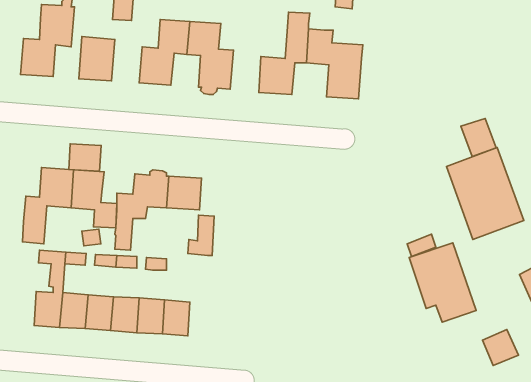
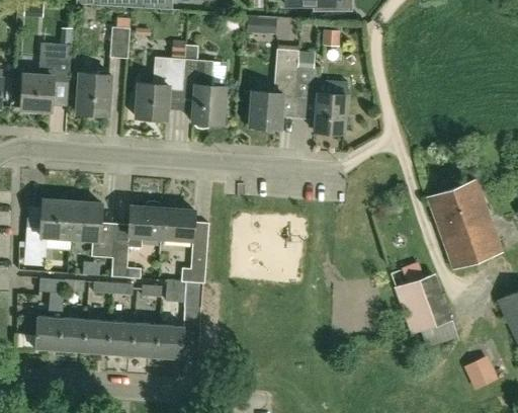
building: [461,118,496,156] -> none
building: [69,144,101,171] -> none
building: none -> [165,279,200,327]

